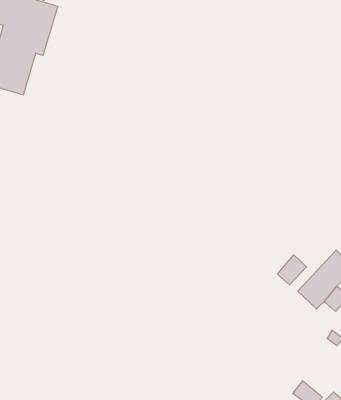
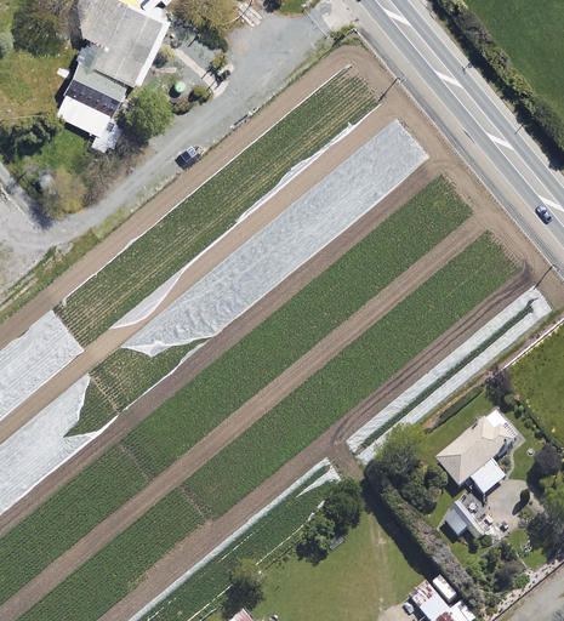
building: [277,255,307,285] -> none
building: none -> [443,502,475,535]

